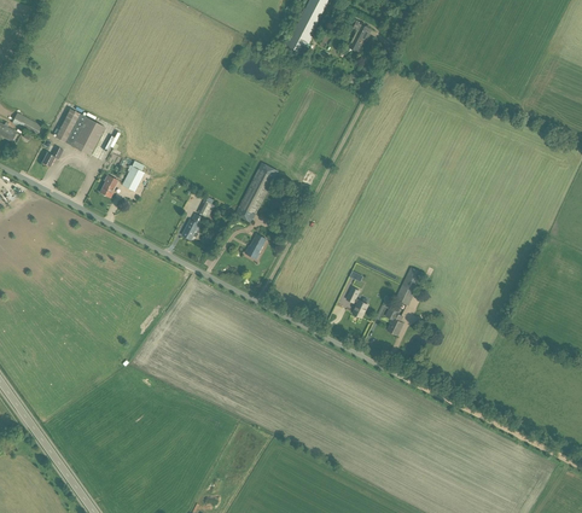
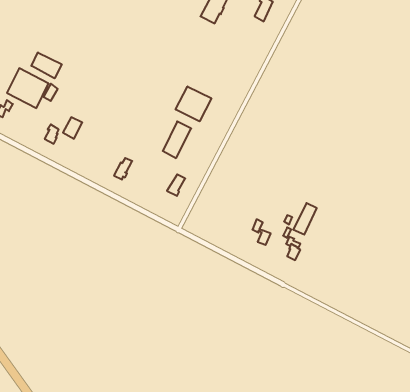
building: none -> [31,52,62,78]
building: none -> [176,86,211,121]

